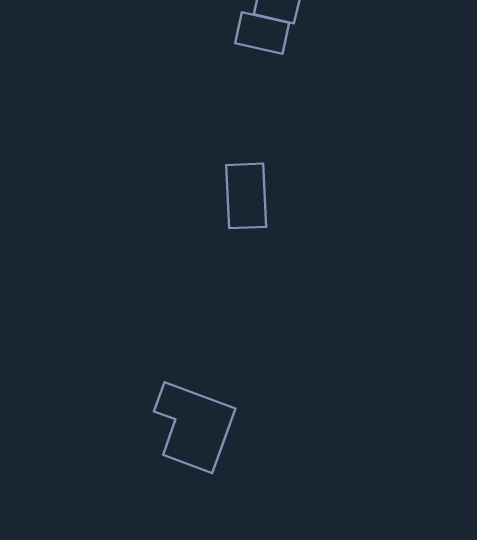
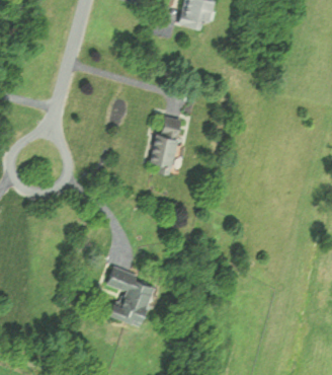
building: [235,12,289,54] -> none

